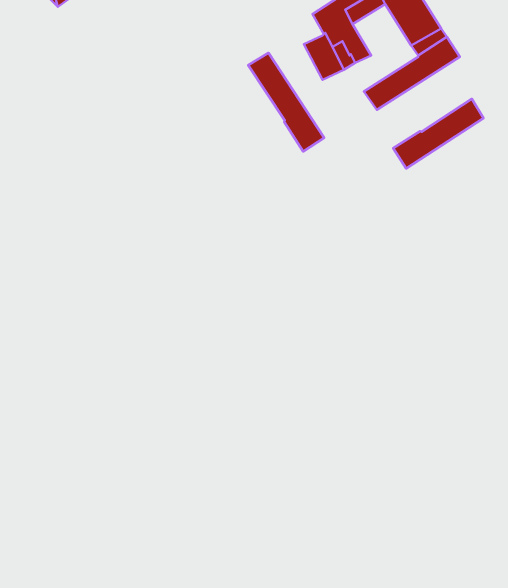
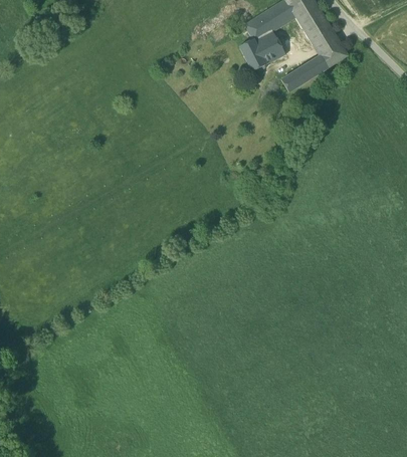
building: [248,53,324,152] -> none
building: [393,99,483,168] -> none

